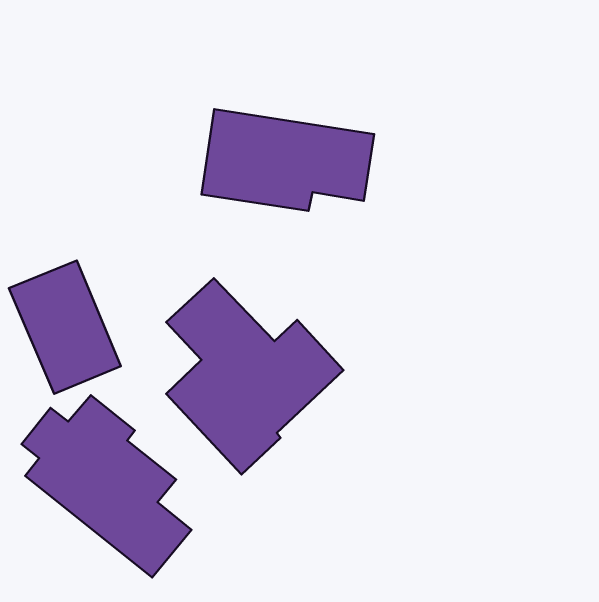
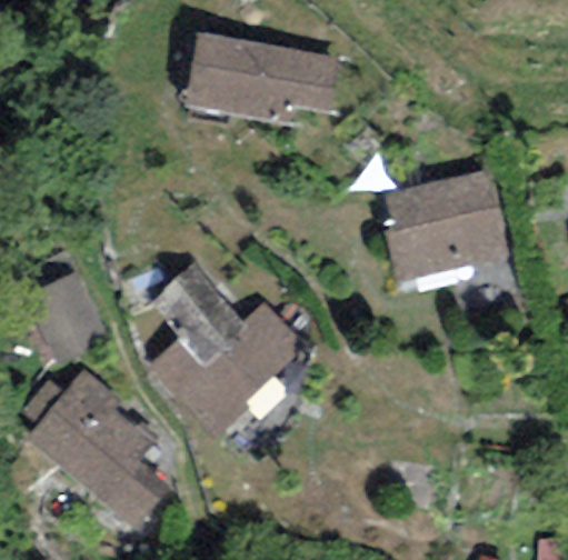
building: [202,109,374,211] -> [186,30,338,120]
building: none -> [381,169,509,283]

